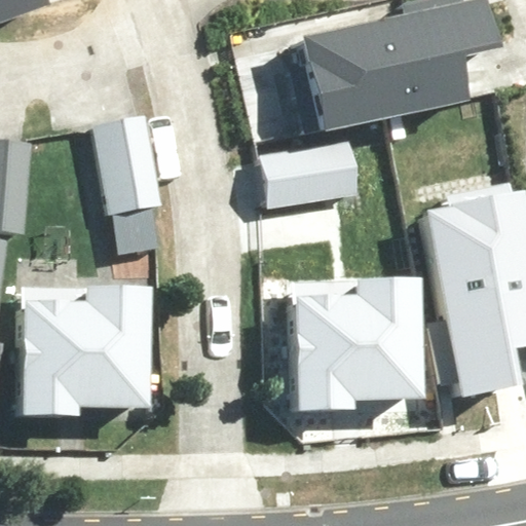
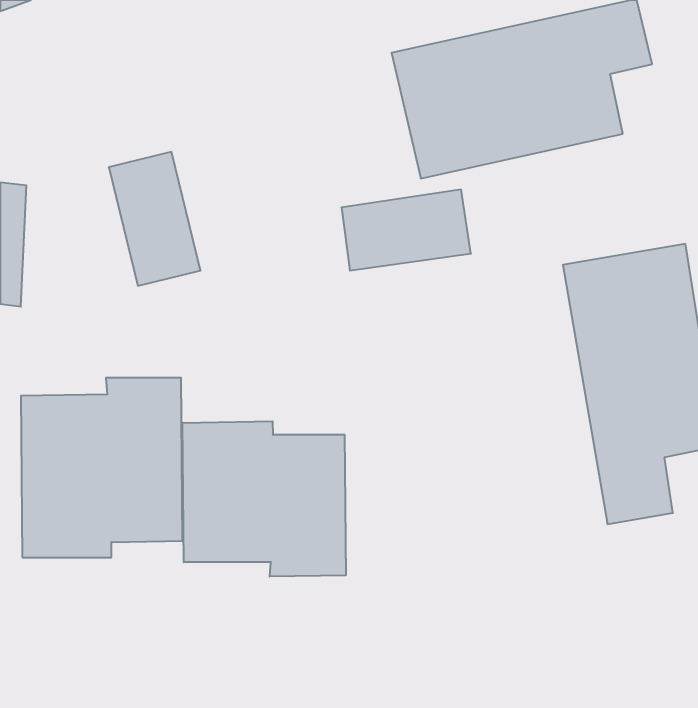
building: [305,271,424,405] -> none
building: none -> [183,421,346,577]

